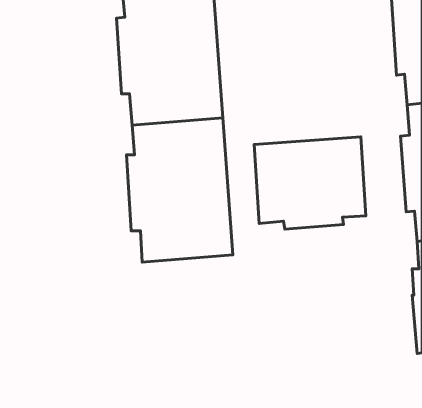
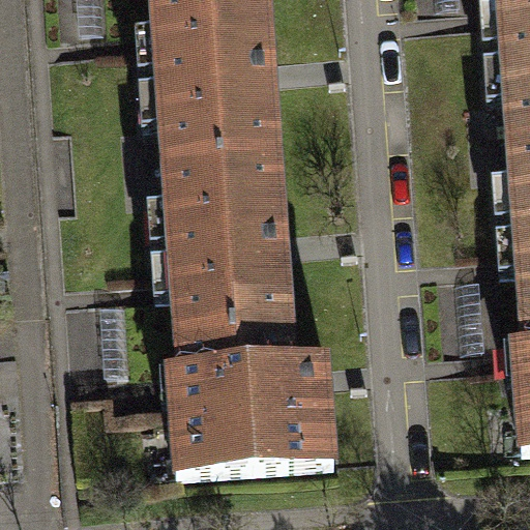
building: [254,137,366,229] -> none
building: none -> [172,320,335,469]

